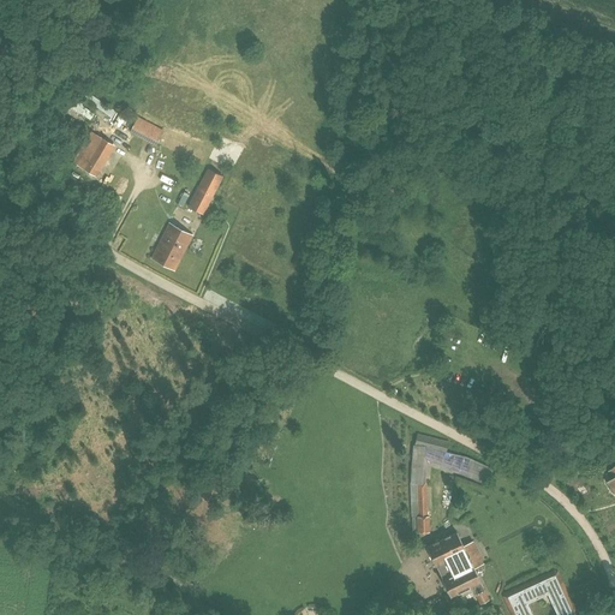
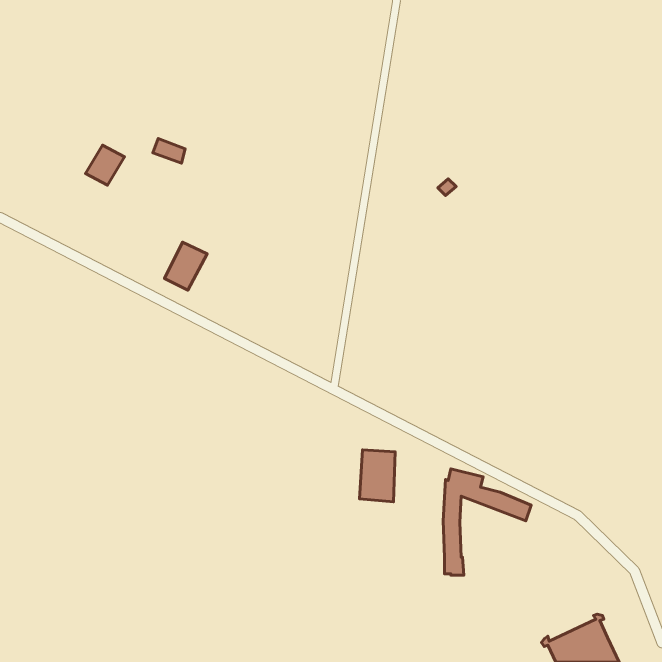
building: [189,169,223,214] -> none
building: none -> [359,450,395,502]
building: [426,532,488,603] -> none

